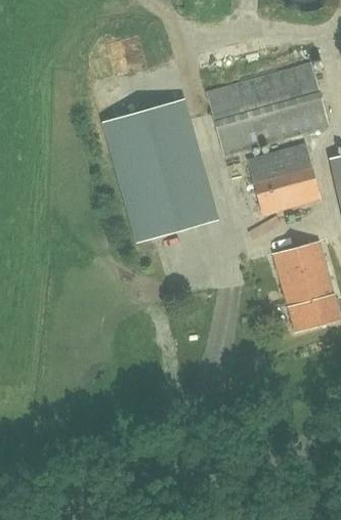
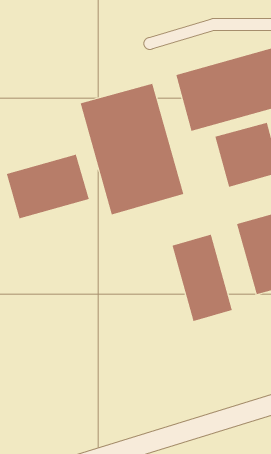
building: none -> [6,154,89,219]
building: none -> [172,234,232,322]

